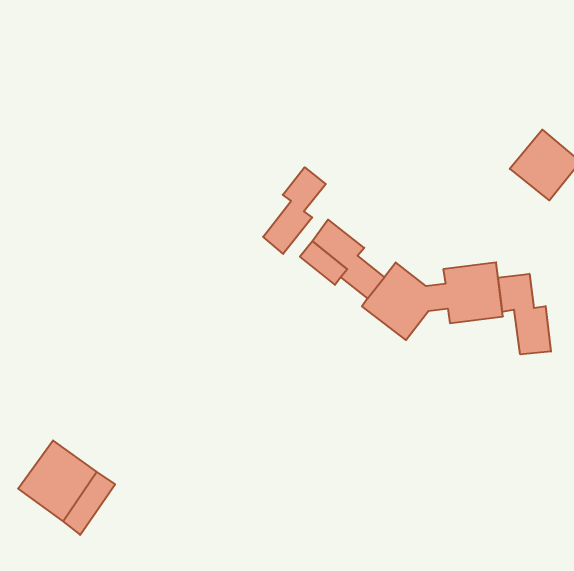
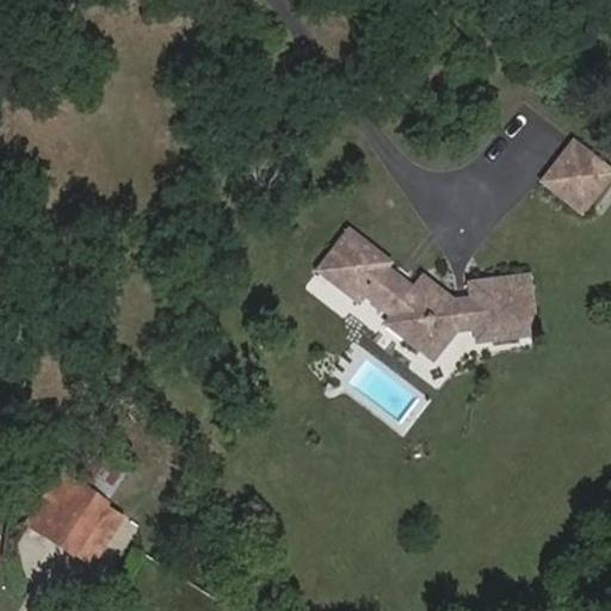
building: [263,167,326,254] -> none
building: [498,274,551,354] -> none

